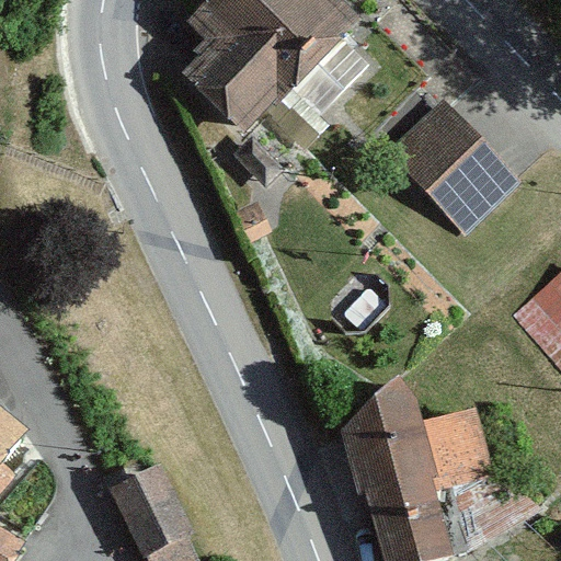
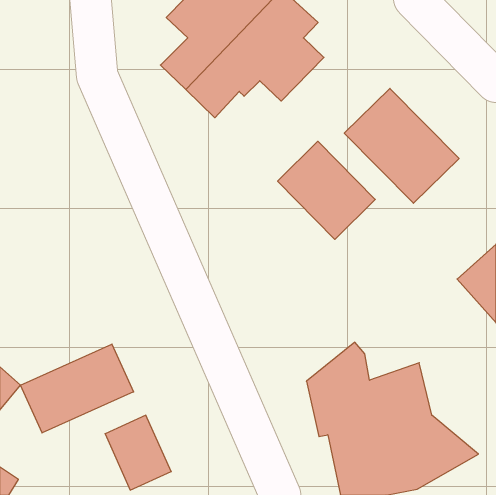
building: none -> [278,141,375,239]
building: none -> [20,344,134,433]

